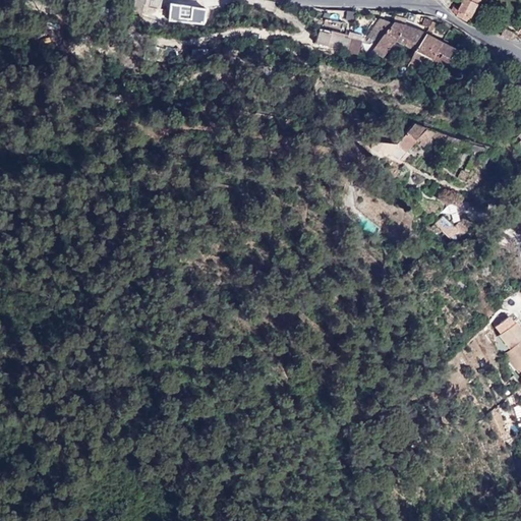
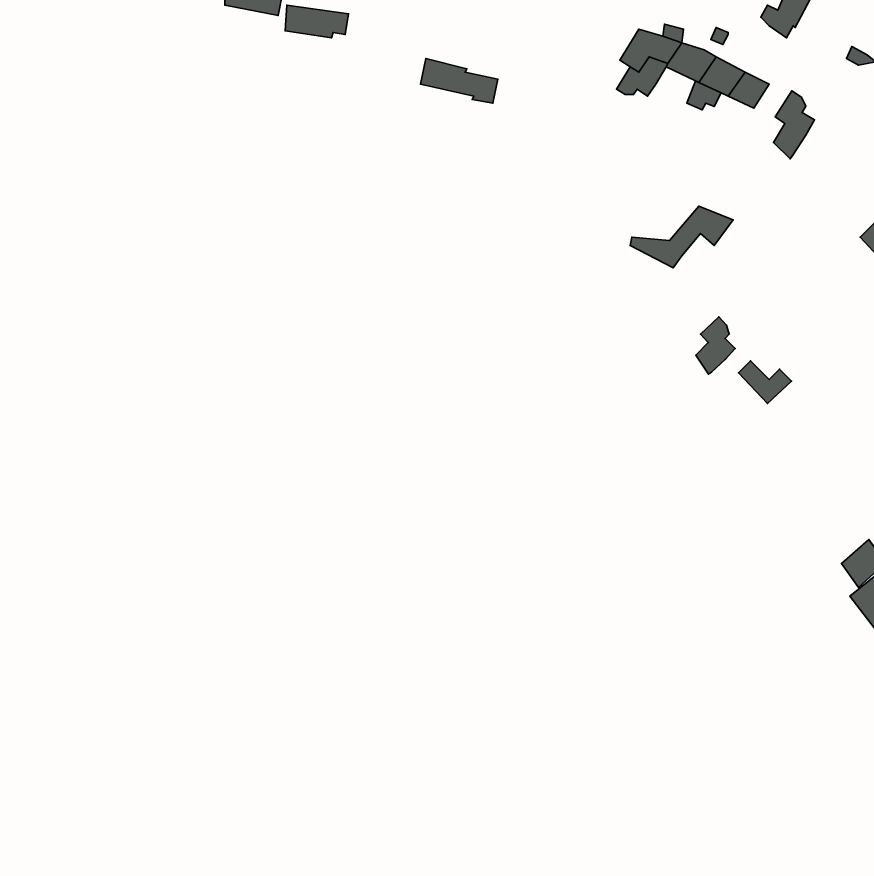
building: [317,27,363,54] -> [421,58,498,103]
building: none -> [773,91,814,159]
building: none -> [696,317,735,374]

